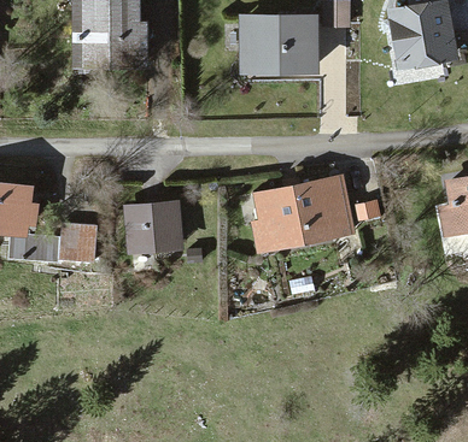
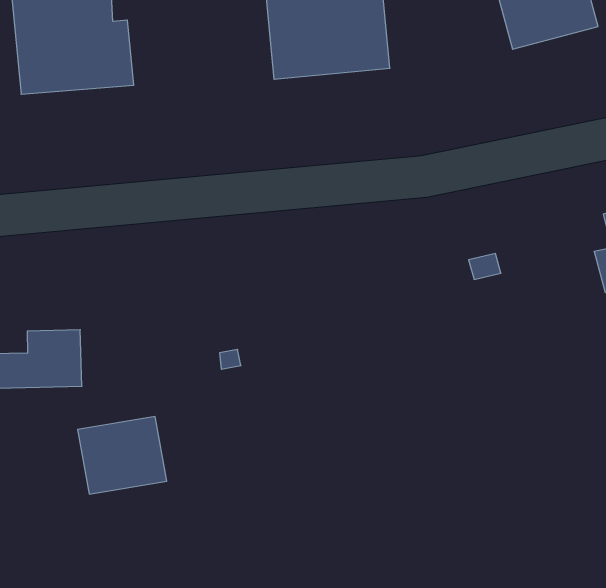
building: [253,176,352,252] -> none
building: [125,205,181,252] -> [78,417,167,494]

